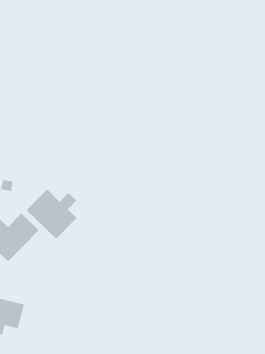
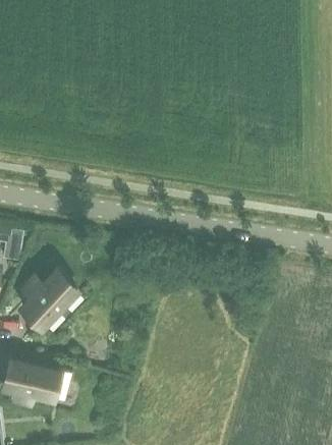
building: [26,189,77,239] -> none

